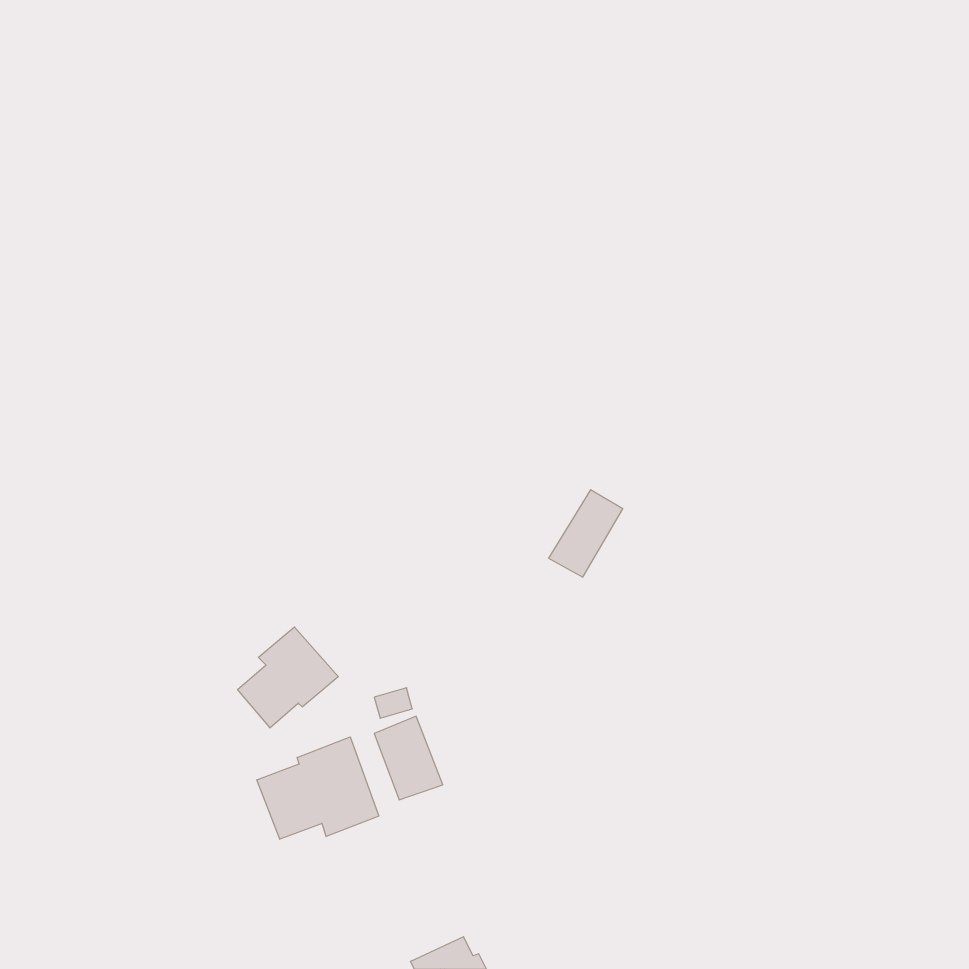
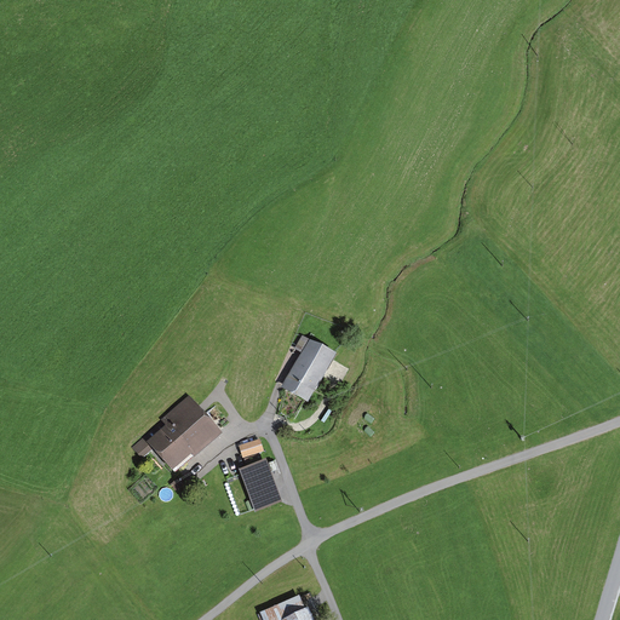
building: [549,490,623,577] -> [283,341,331,397]
building: [257,737,379,839] -> none

